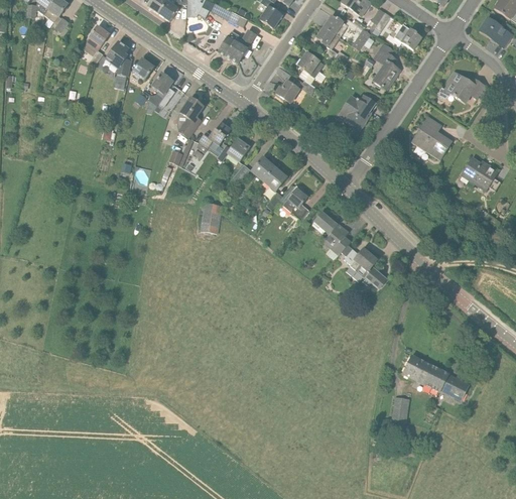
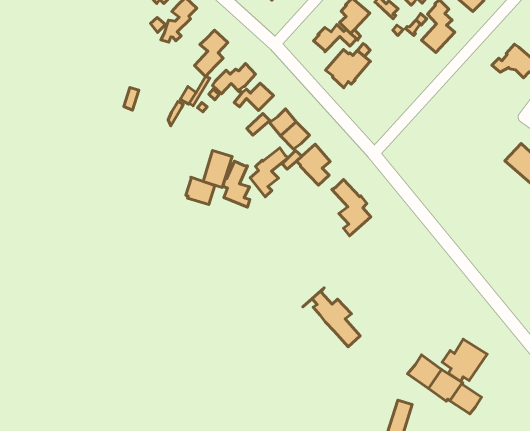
building: [338,93,376,127] -> [325,50,371,88]
building: [410,115,450,159] -> none
building: none -> [250,148,288,197]
building: none -> [223,161,250,207]
building: none -> [186,177,215,204]
building: [334,240,387,288] -> [303,288,360,347]
building: none -> [442,339,487,382]

